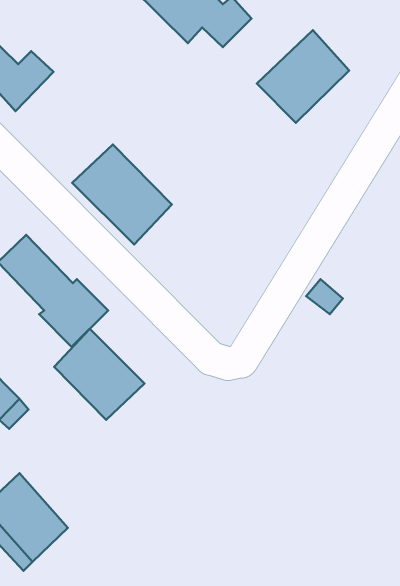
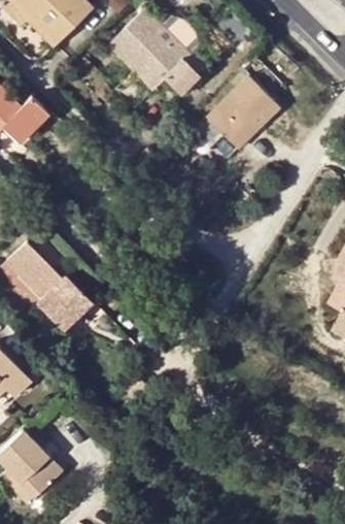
building: [72,144,172,245] -> none
building: [54,329,144,420] -> none

